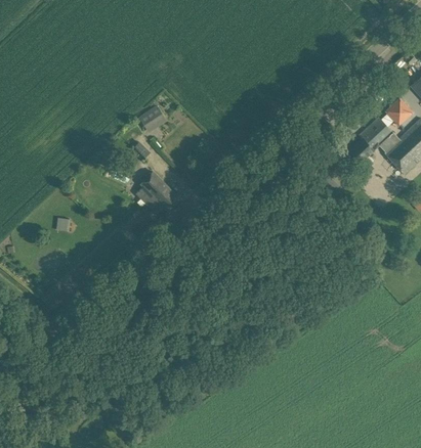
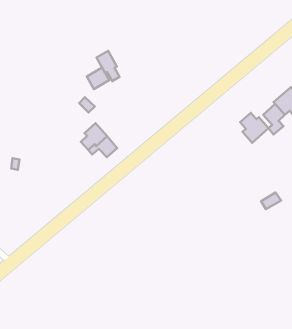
building: none -> [96,51,120,81]
building: none -> [240,113,269,143]

